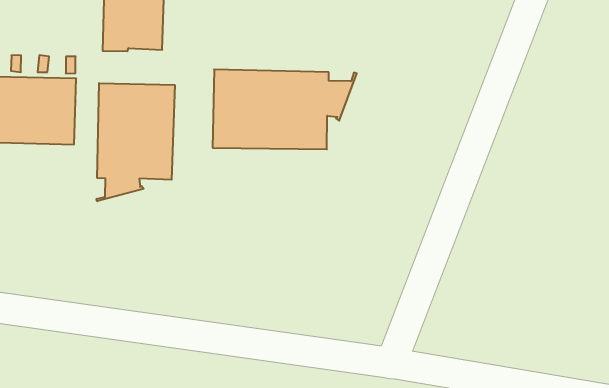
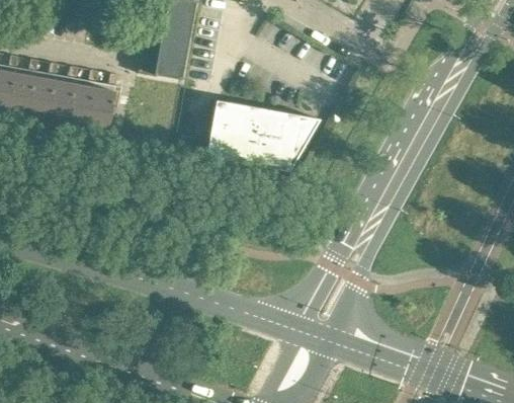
building: [96,83,175,201] -> none

